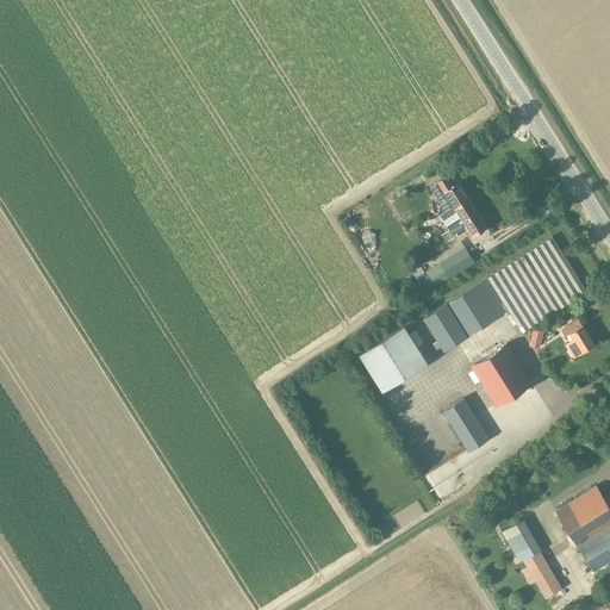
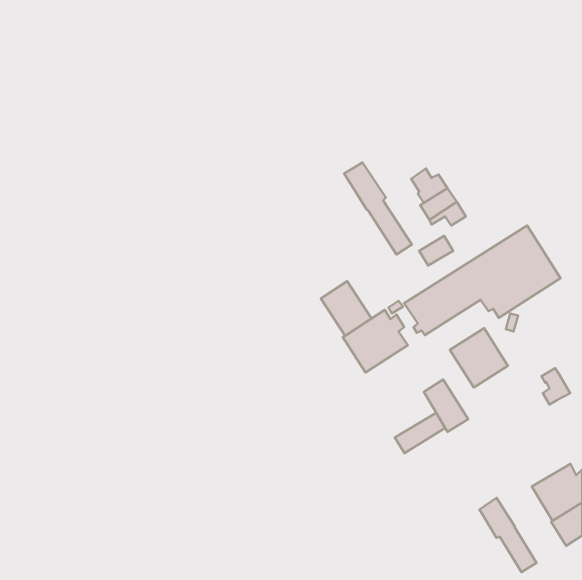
building: none -> [344,162,412,254]
building: none -> [321,281,371,336]
building: [565,320,595,359] -> [542,368,570,404]
building: none -> [395,413,445,453]

